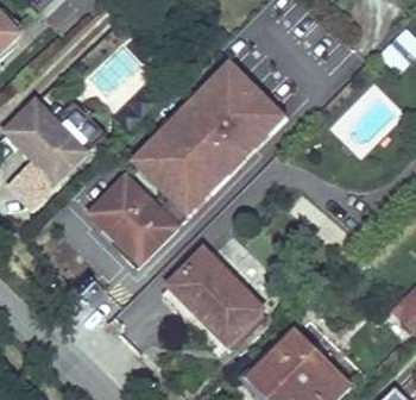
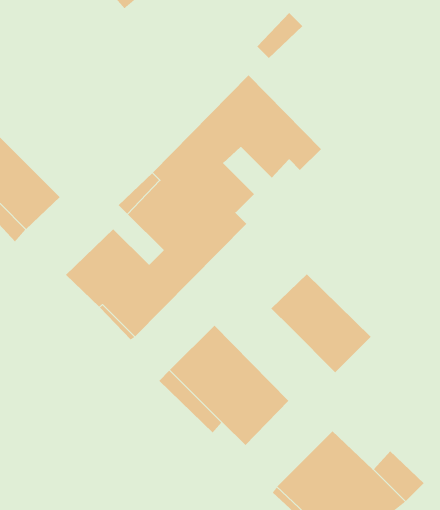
building: [212,114,270,173] -> none
building: none -> [271,274,371,373]

